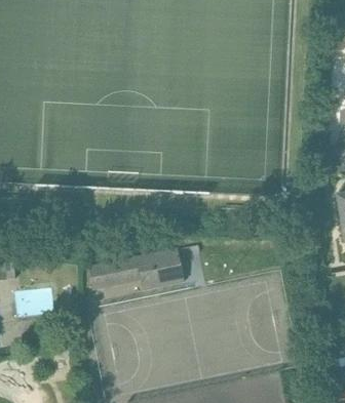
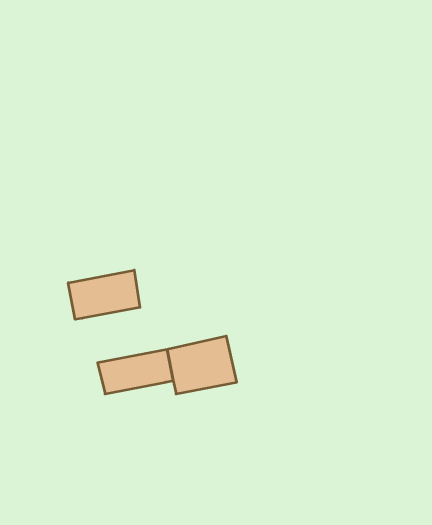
building: none -> [68,270,140,319]

